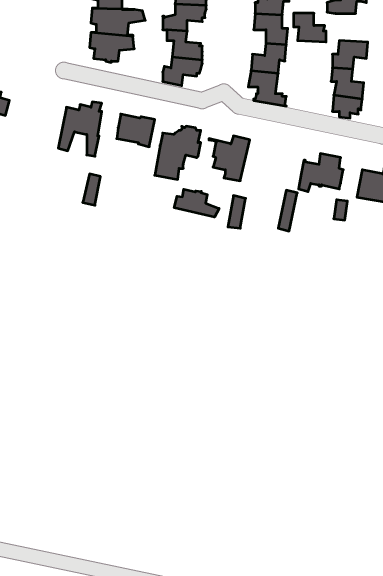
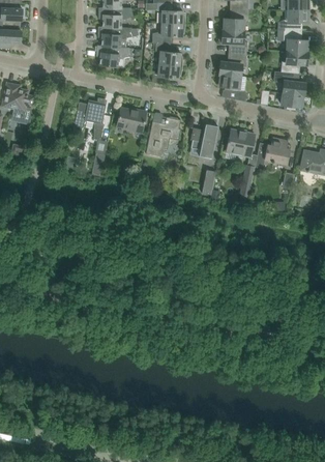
building: [294,13,326,42] -> [284,31,308,53]
building: none -> [226,129,255,157]
building: [174,189,219,217] -> none

